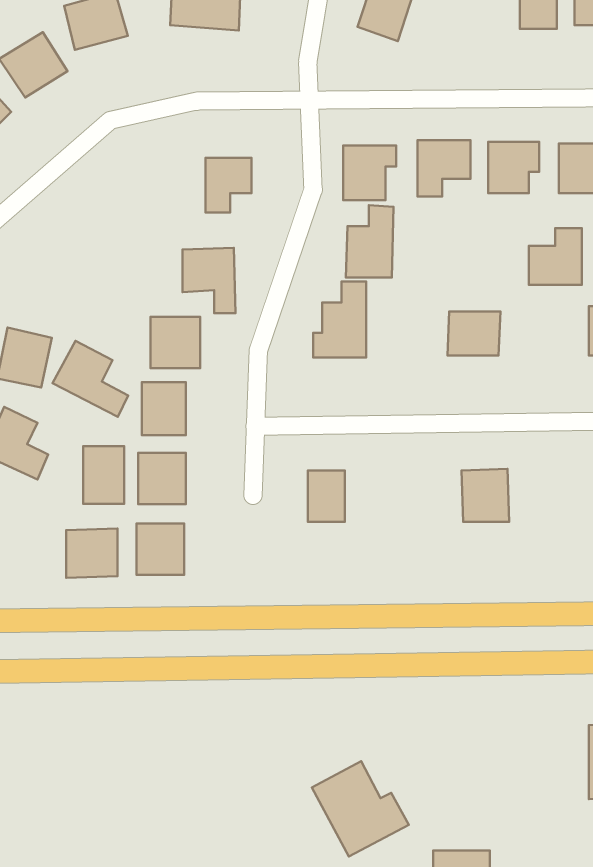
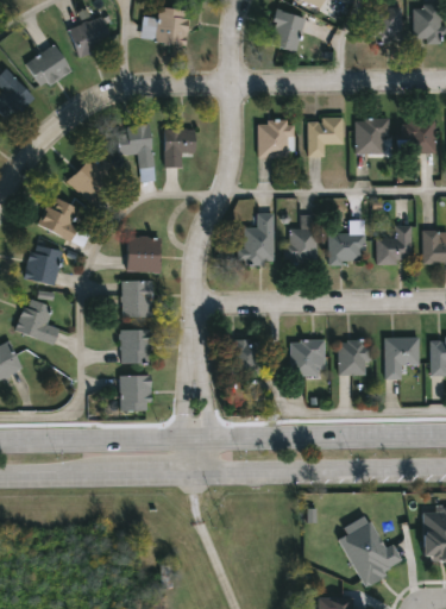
building: none -> [67,152,111,205]
building: [346,205,393,278] -> [284,214,316,263]
building: [529,228,582,285] -> [376,225,412,263]
building: [182,248,235,313] -> [117,126,152,170]
building: [52,341,128,417] -> [38,196,89,247]
building: [83,446,124,504] -> none
building: none -> [383,338,419,378]
building: none -> [290,340,323,375]
building: [66,528,117,578] -> none
building: [312,761,409,857] -> [338,520,403,584]

